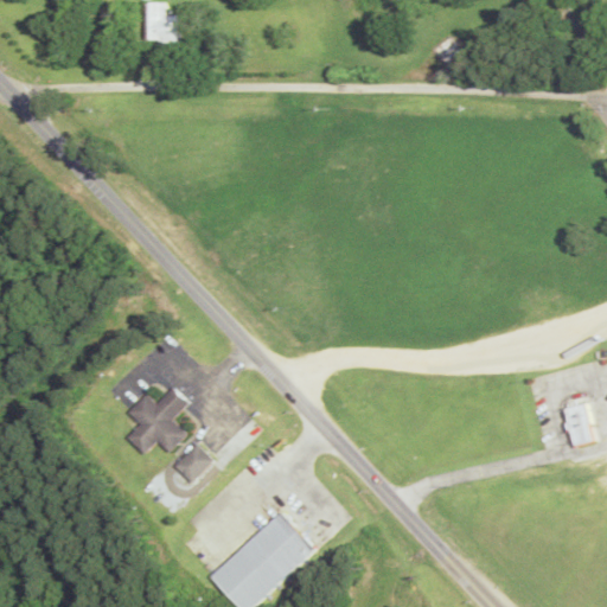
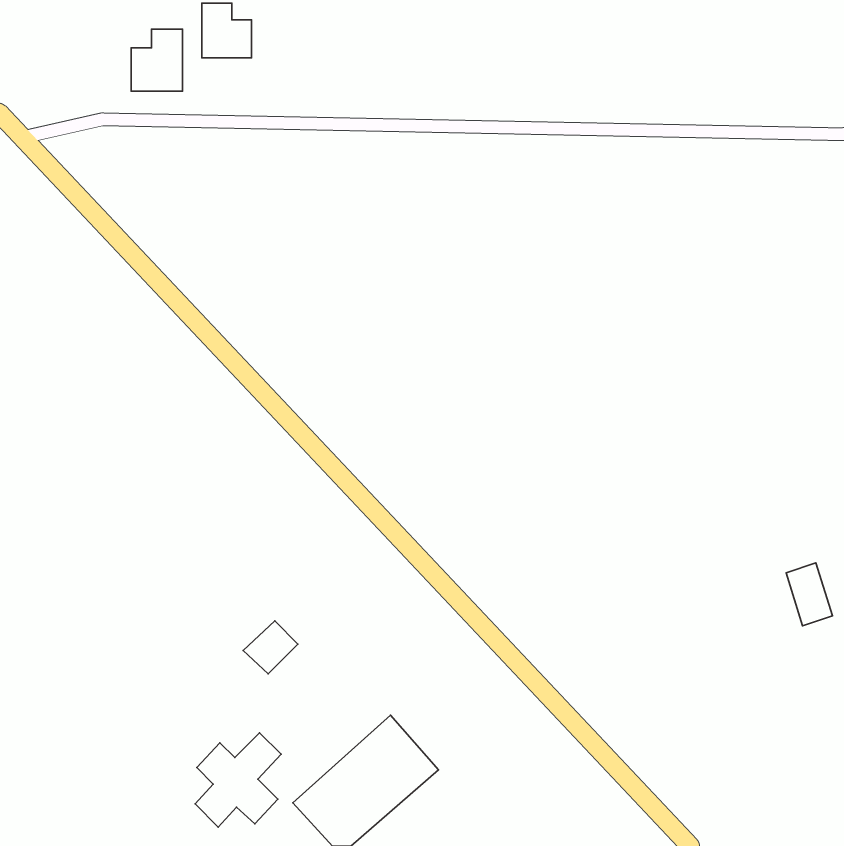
building: none -> [131,29,182,91]
building: [127,388,189,455] -> [195,733,281,827]

